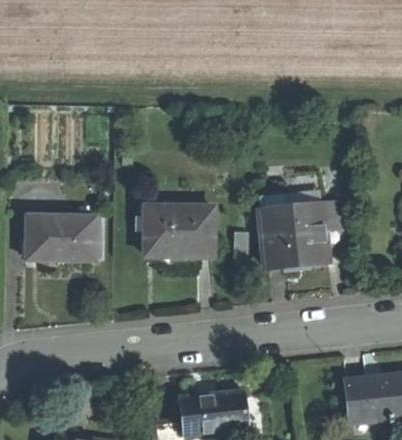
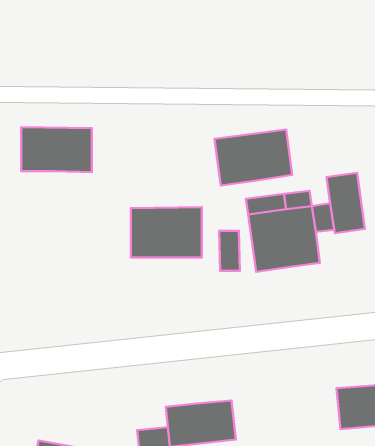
building: none -> [214,129,292,185]
building: none -> [326,173,365,233]
building: [27,215,96,259] -> [21,127,92,172]

